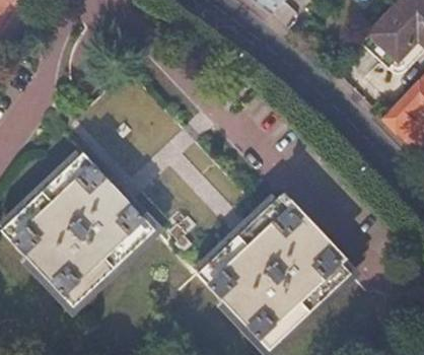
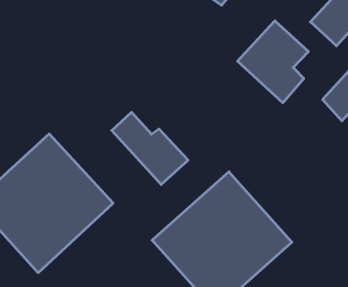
building: none -> [238,21,308,103]
building: none -> [112,112,188,185]

